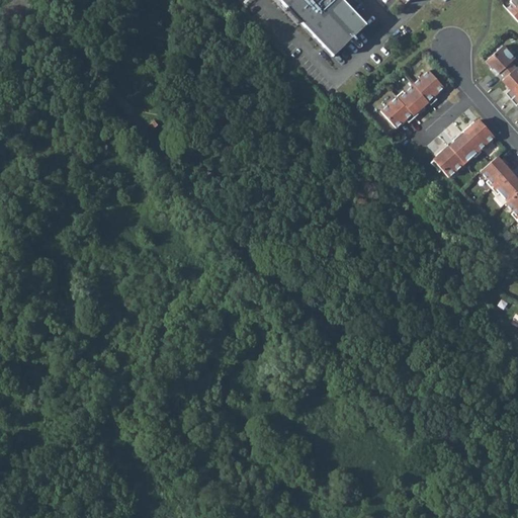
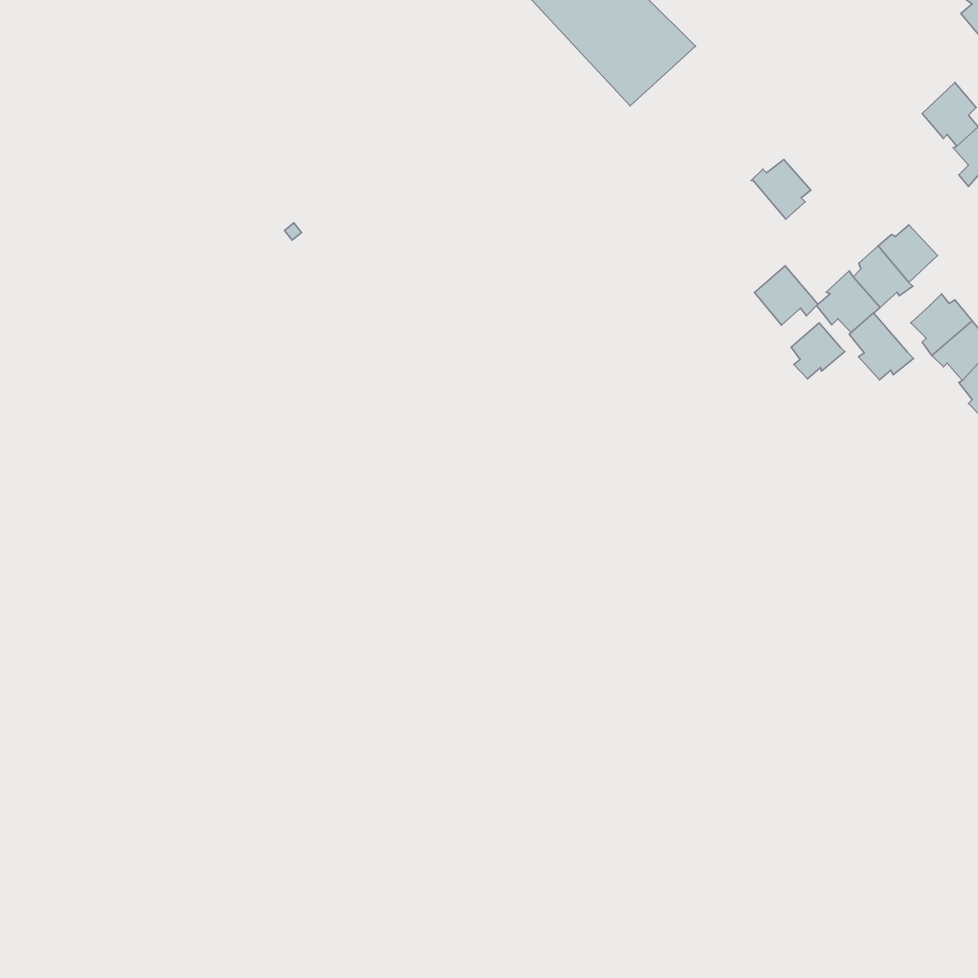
building: [414,69,445,103] -> none
building: [382,95,416,126] -> [755,266,818,325]
building: none -> [849,313,914,380]
building: none -> [791,323,845,379]

